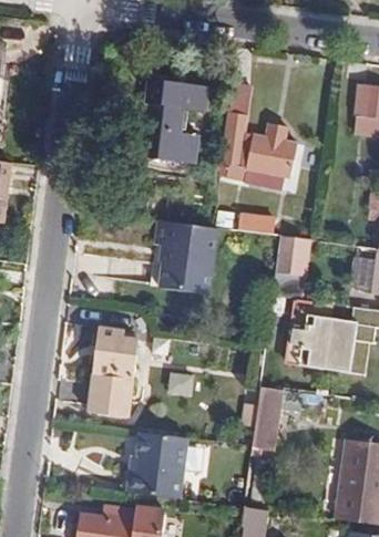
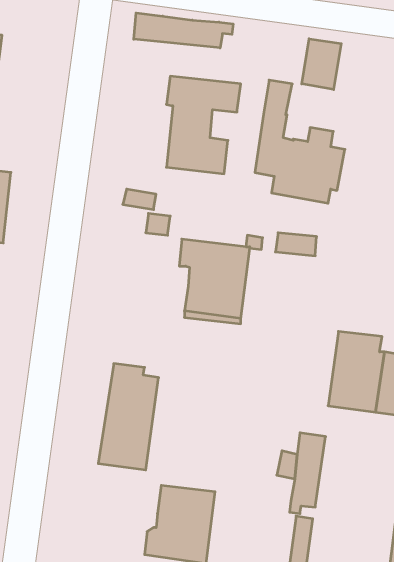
building: none -> [134,13,233,48]
building: none -> [302,39,341,90]
building: [276,235,309,276] -> none

